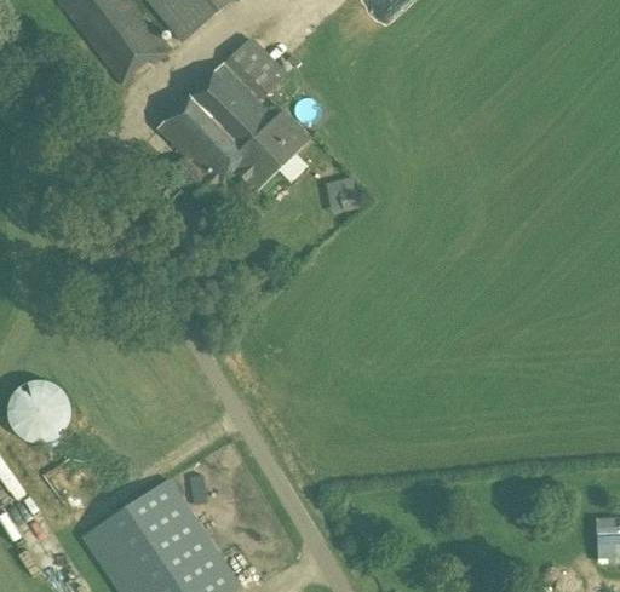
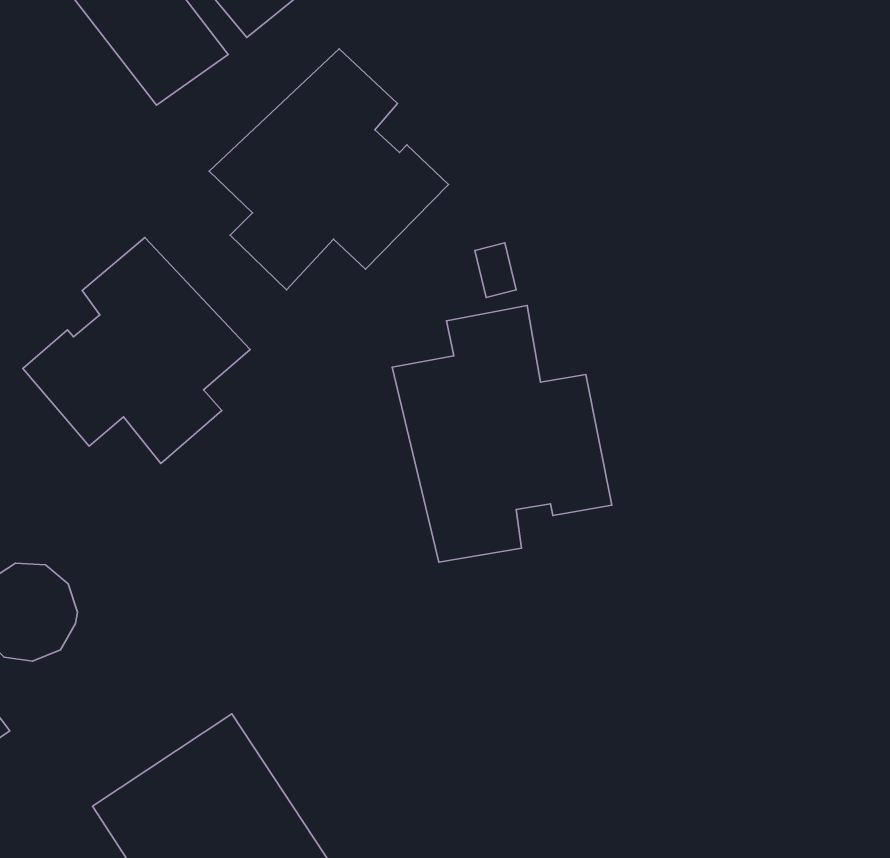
building: none -> [23,237,250,464]
building: none -> [392,306,612,562]

